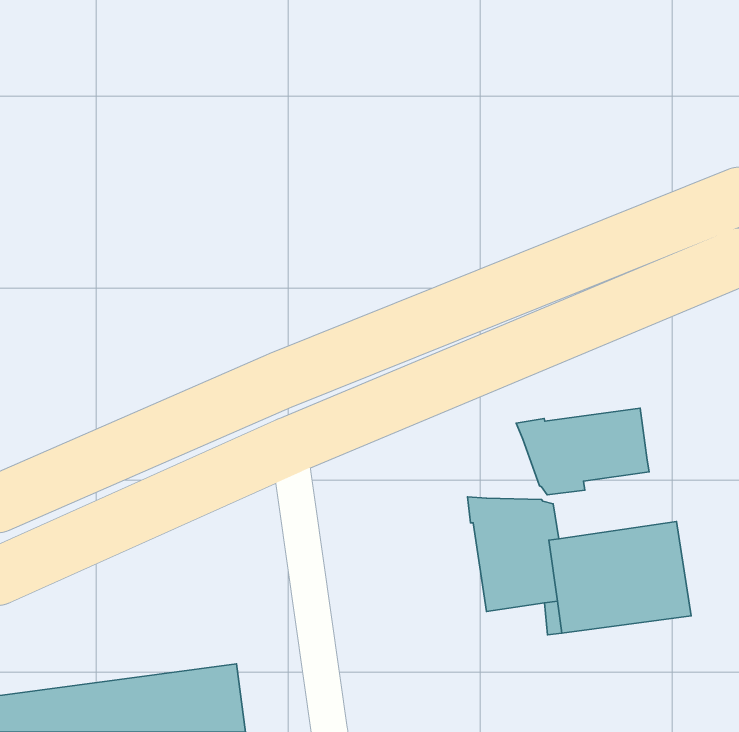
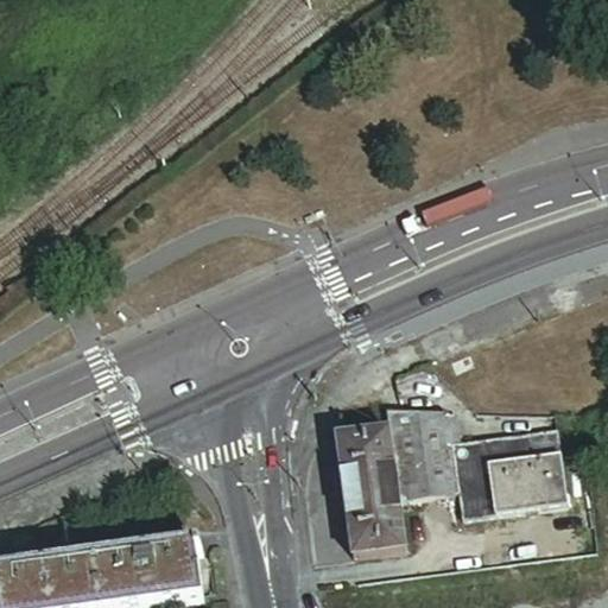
building: [516,408,649,495] -> none
building: none -> [335,428,405,556]

